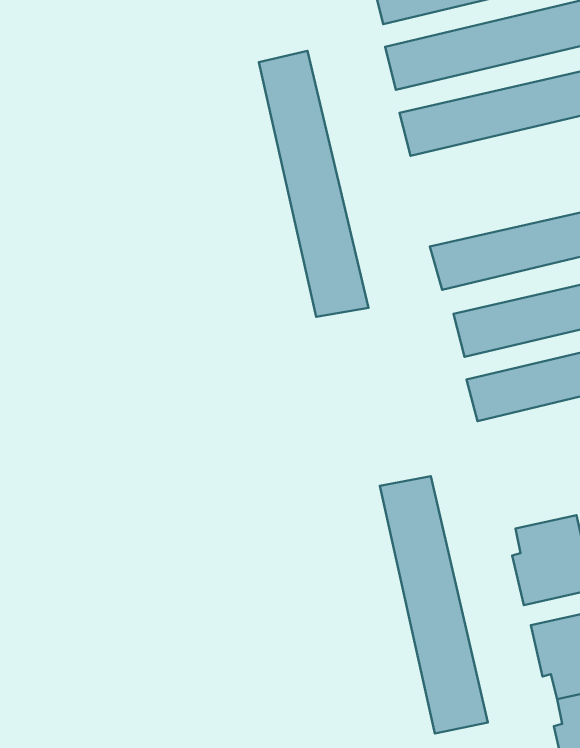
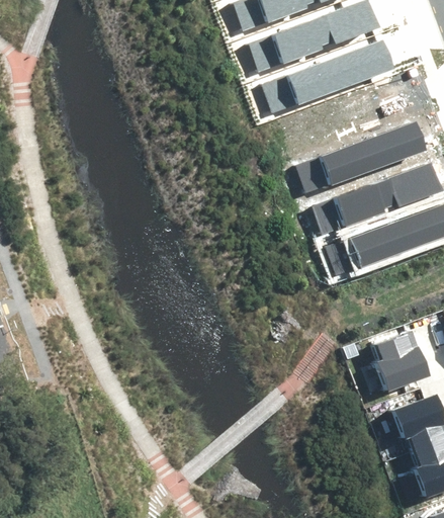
building: [259,51,368,317] -> none
building: [380,476,488,733] -> none

